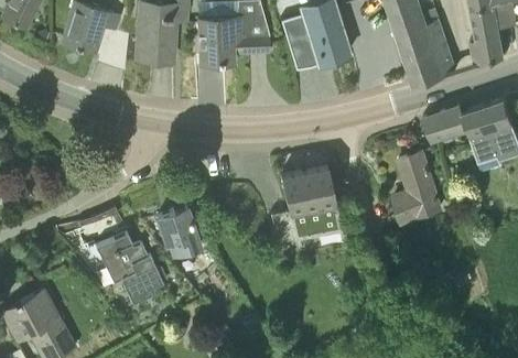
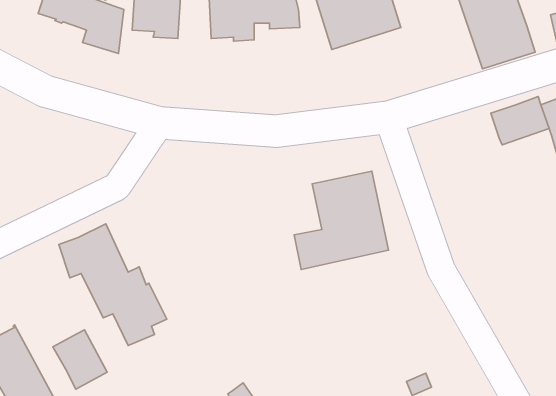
building: [395,152,441,221] -> none
building: [158,206,201,257] -> none
building: none -> [53,330,107,389]

